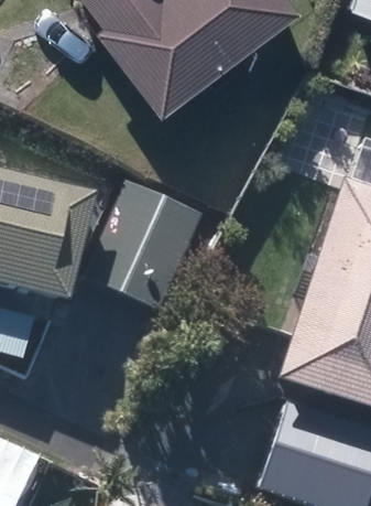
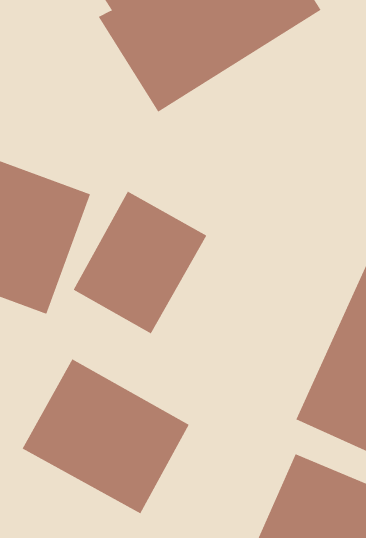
building: none -> [22,359,189,514]

